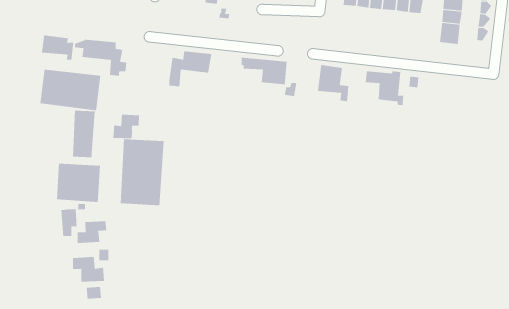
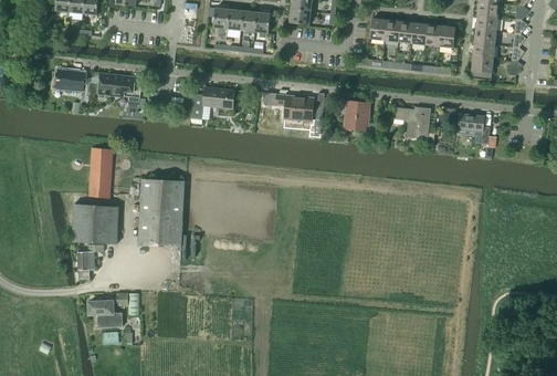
building: [40,69,101,111] -> none
building: none -> [456,113,488,143]
building: [113,114,139,139] -> none
building: [77,221,107,244] -> none

